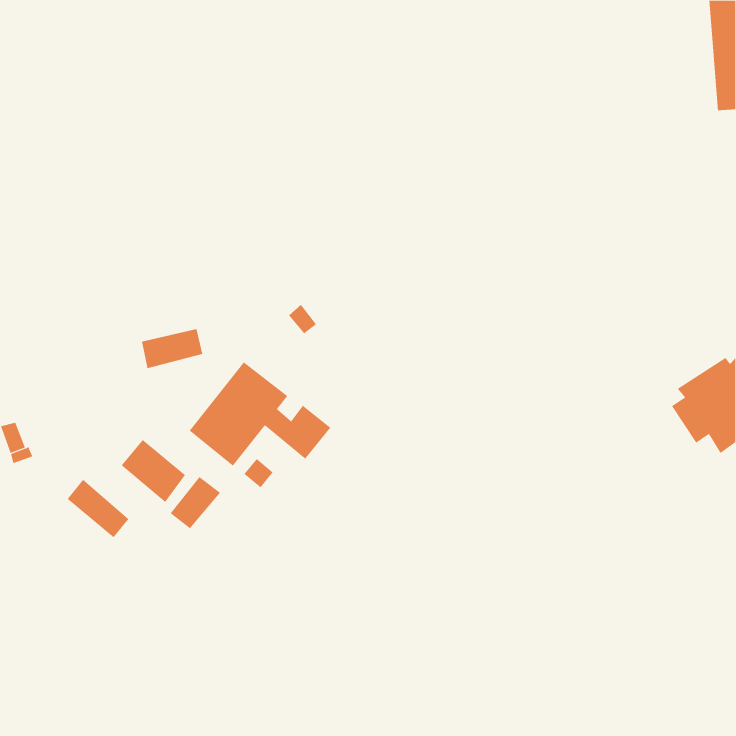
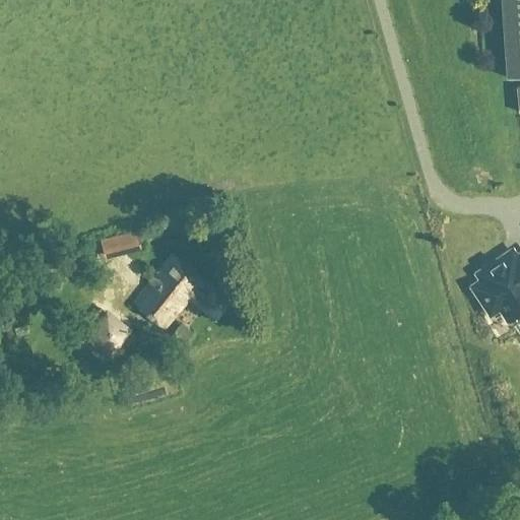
building: [170,476,221,529] -> none
building: [67,479,129,538] -> none

